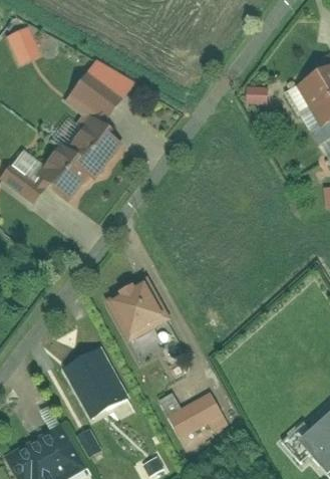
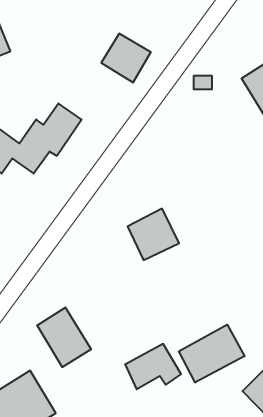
building: [61,61,117,116] -> [101,34,151,82]
building: [104,280,162,338] -> [128,209,179,260]
building: none -> [179,325,245,383]

